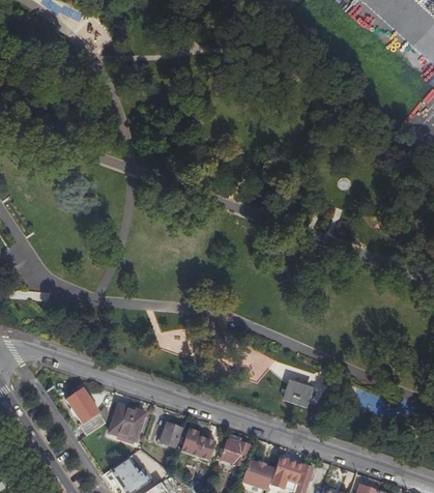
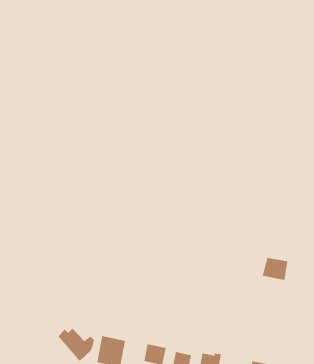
building: [283,377,314,405] -> [262,257,288,281]

